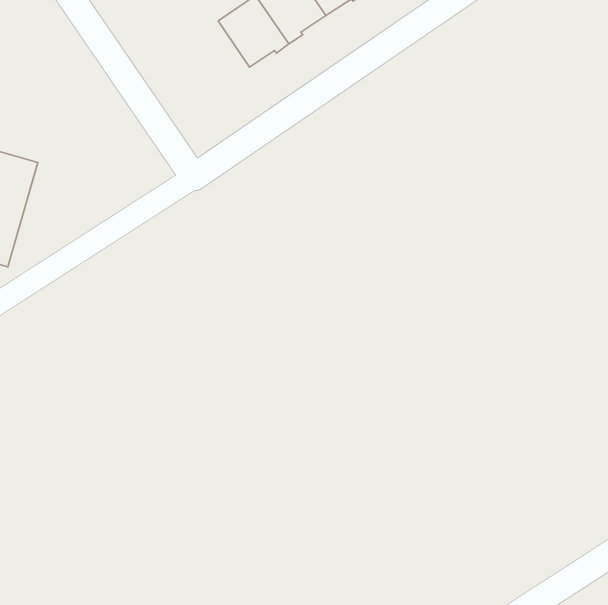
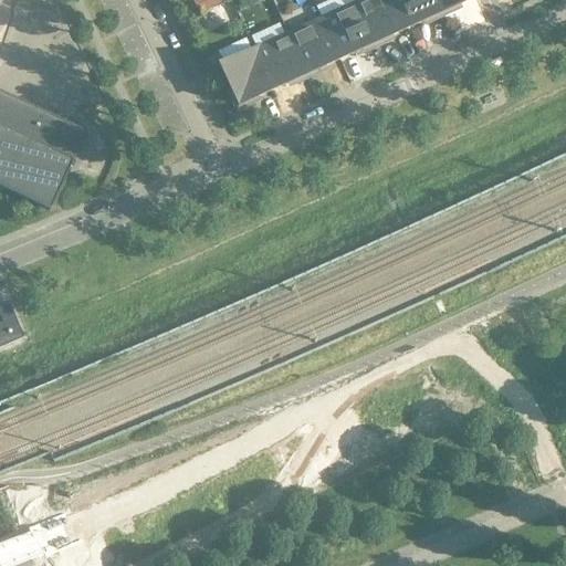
building: none -> [216,45,269,105]

